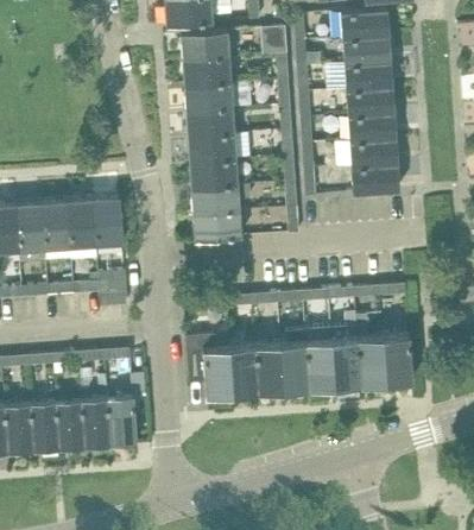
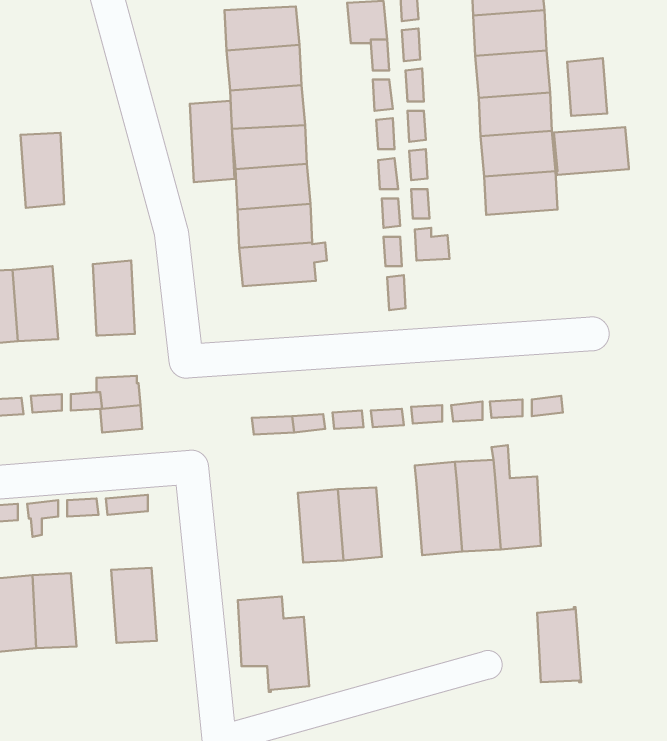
building: none -> [567,58,607,116]
building: none -> [190,101,234,182]
building: [350,164,399,195] -> [554,127,629,175]
building: [69,200,97,248] -> [20,133,64,208]
building: [192,210,241,241] -> none
building: [279,332,309,390] -> none
building: [384,334,412,383] -> [537,607,581,682]
building: [185,335,232,397] -> [238,597,309,692]
building: [81,398,110,448] -> none

